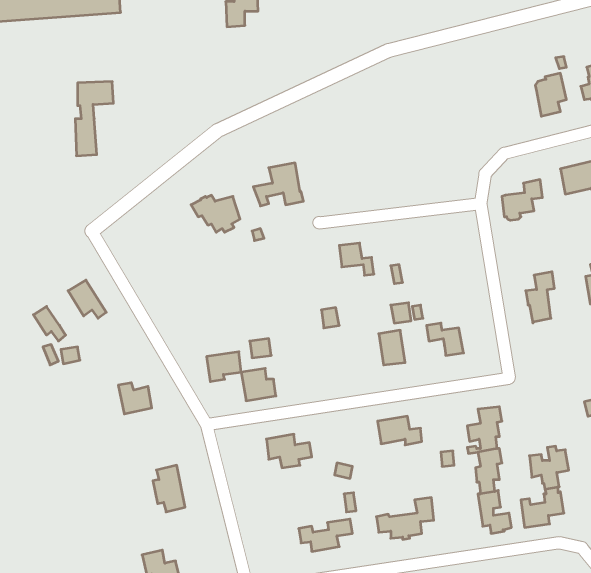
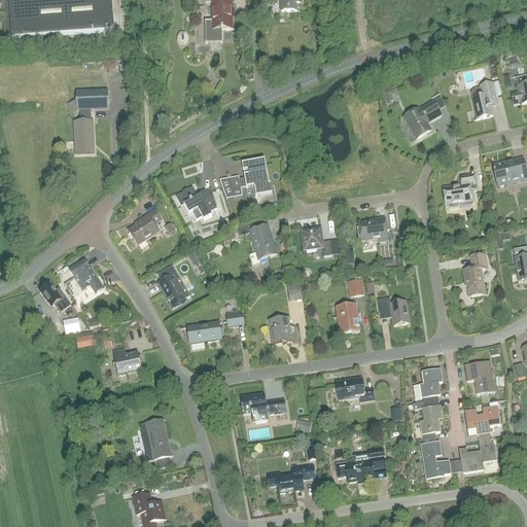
building: none -> [403,99,442,137]
building: none -> [128,208,162,243]
building: none -> [359,217,388,240]
building: none -> [238,221,277,258]
building: none -> [157,262,190,306]
building: [241,368,276,401] -> [268,315,297,343]
building: none -> [464,359,494,393]

